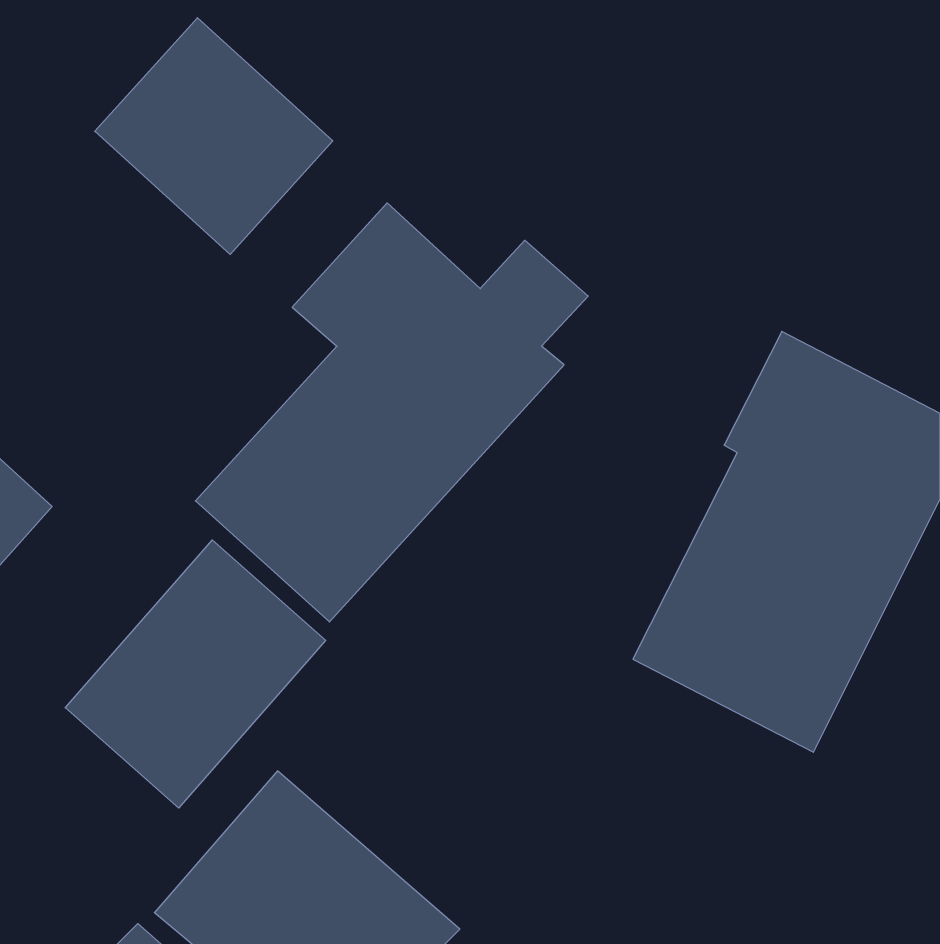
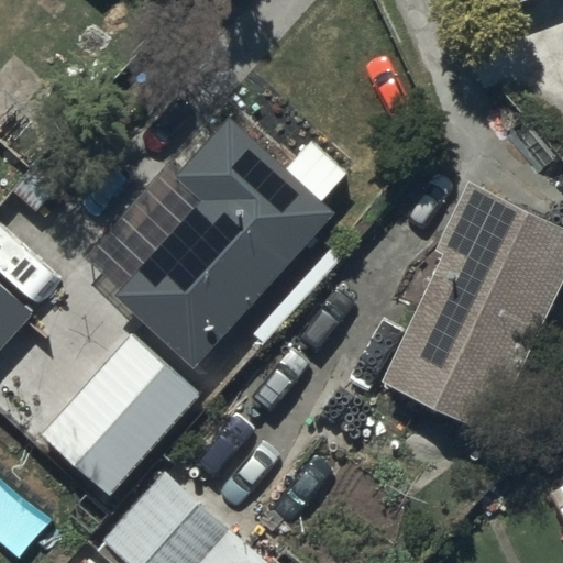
building: [95,18,333,254] -> none

